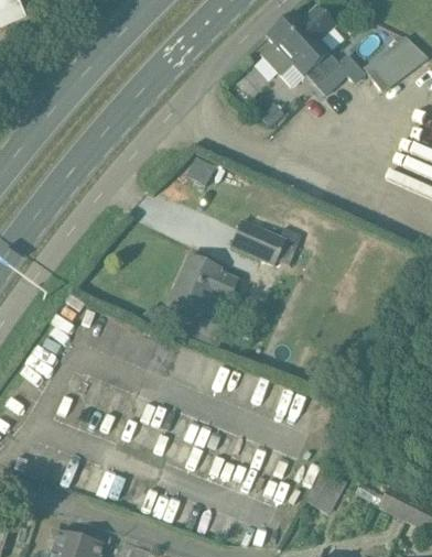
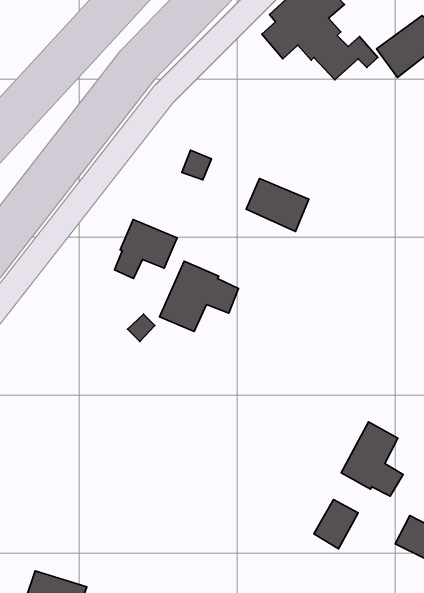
building: none -> [115,220,177,278]
building: [229,218,285,265] -> [246,178,309,231]
building: none -> [341,422,403,496]

